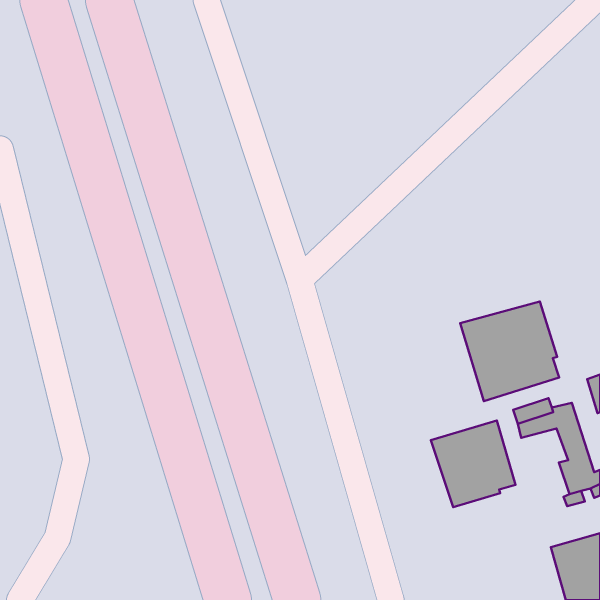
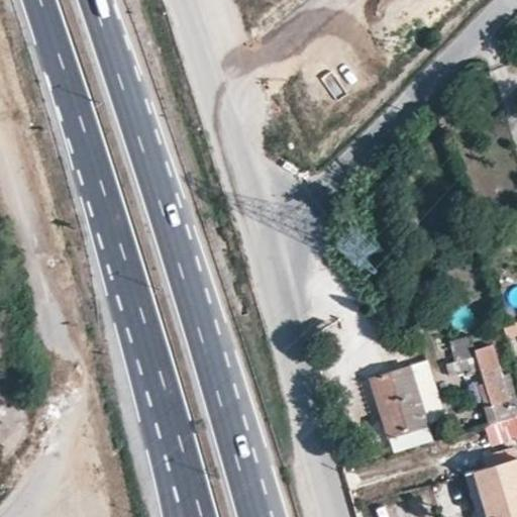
building: [460,301,559,401] -> none

